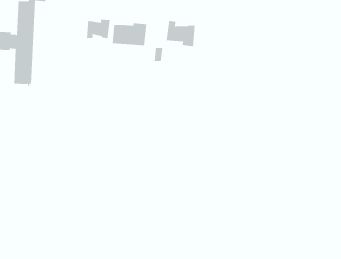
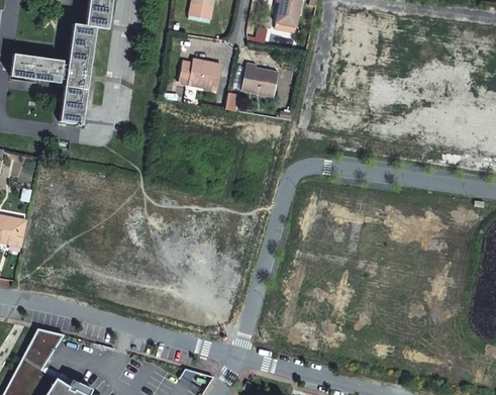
building: [87,19,110,39] -> none

